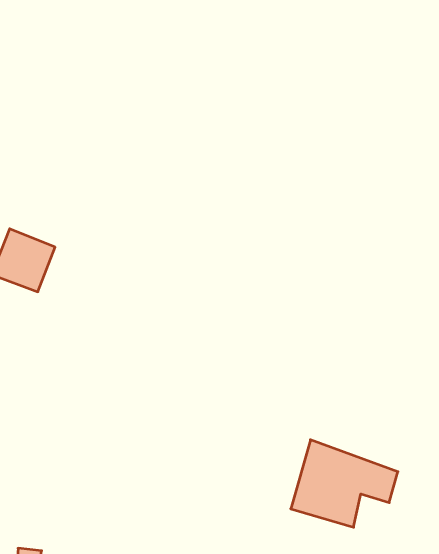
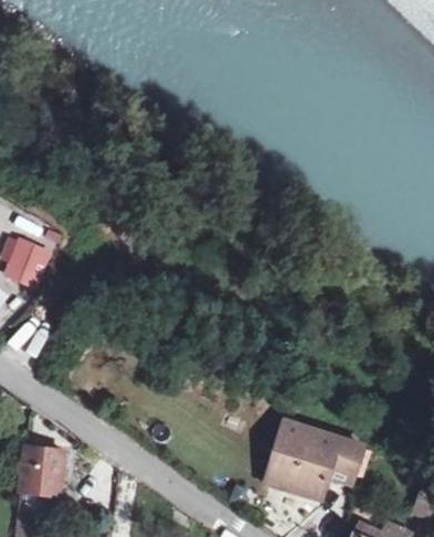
building: none -> [20,449,63,497]

